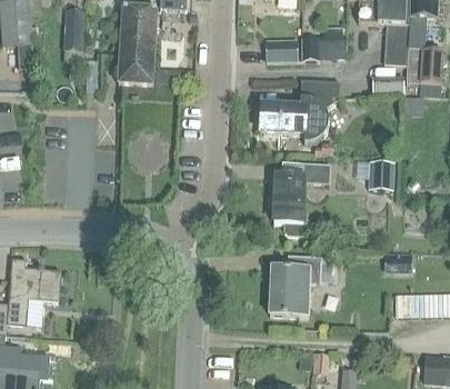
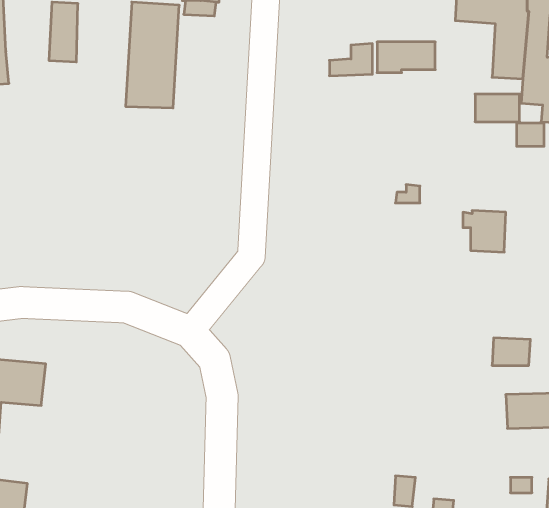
building: [259,80,339,142] -> none
building: [272,161,329,235] -> none
building: [268,255,320,315] -> none

